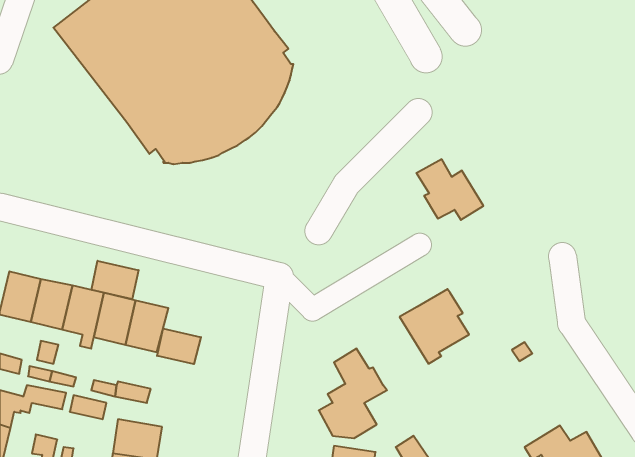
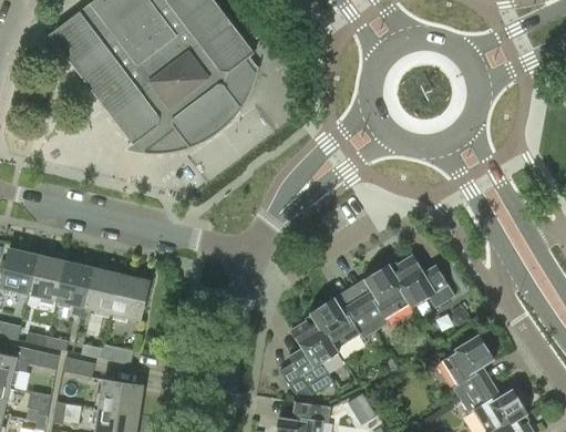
building: [416,159,483,220] -> [395,255,454,308]
building: [91,261,139,299] -> none
building: none -> [311,288,377,348]
building: [157,328,201,364] -> none
building: none -> [446,335,497,402]

